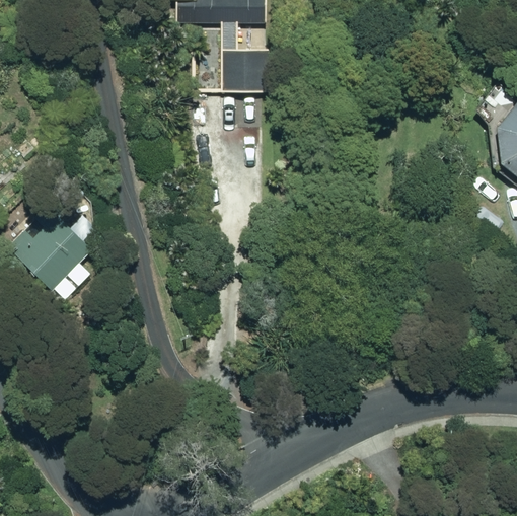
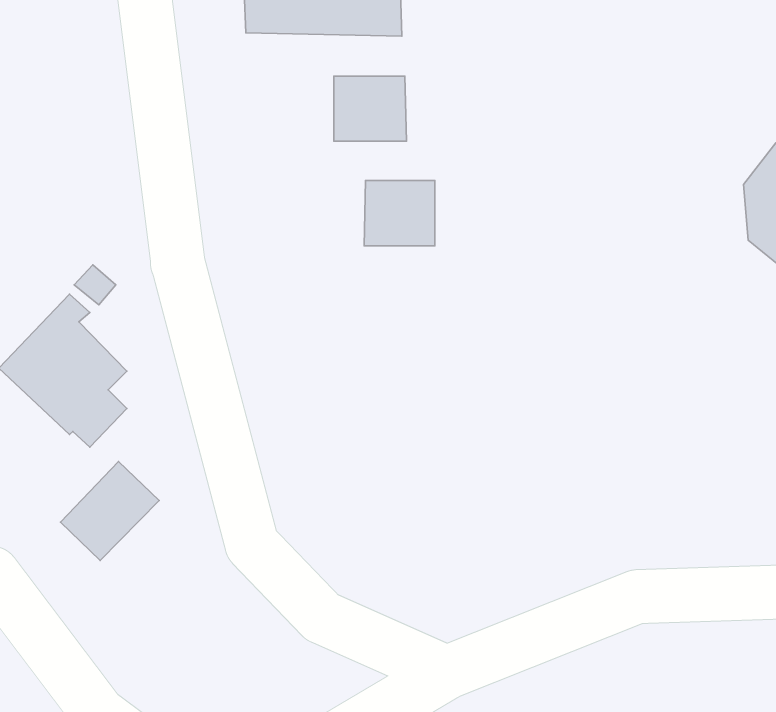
building: none -> [364,180,435,246]
building: none -> [60,462,159,560]

